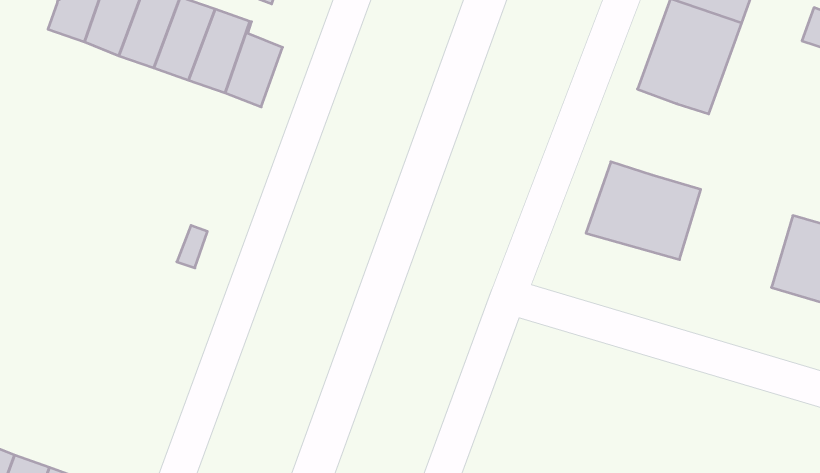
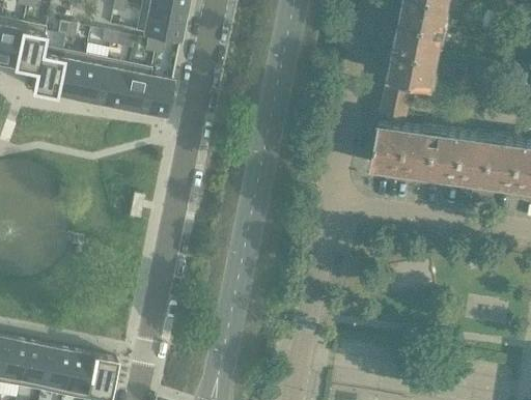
building: none -> [378,79,412,128]
building: none -> [427,133,491,184]

